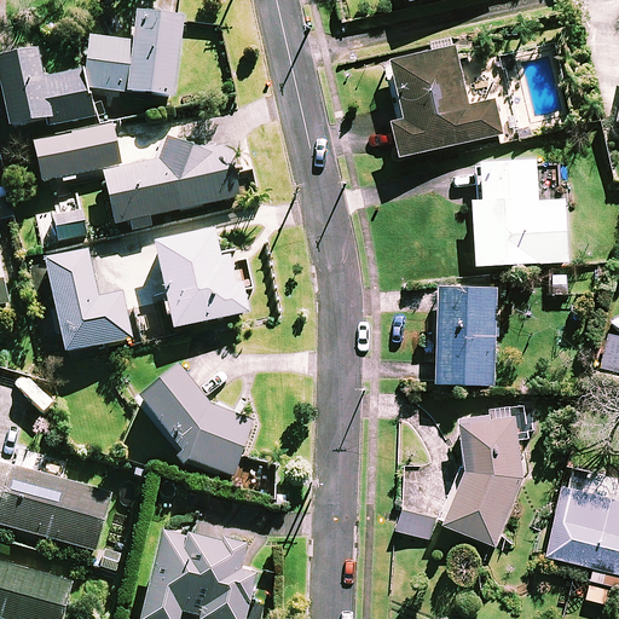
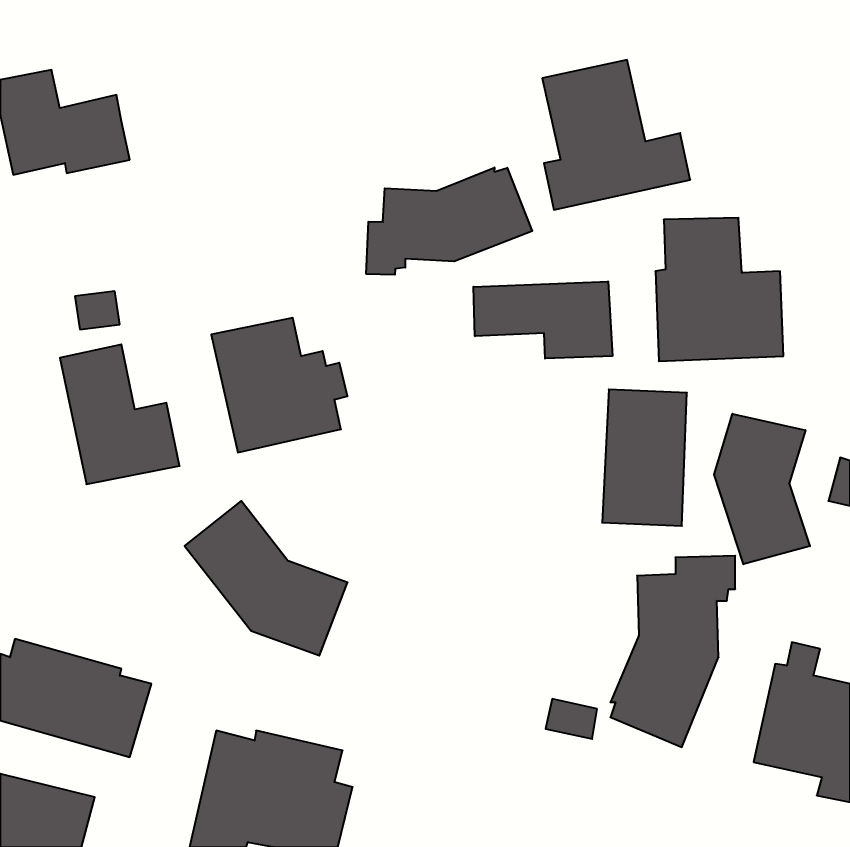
building: [85,13,181,97] -> none
building: none -> [366,167,532,275]
building: [31,122,238,230] -> none
building: none -> [473,281,612,359]
building: none -> [714,414,810,564]

